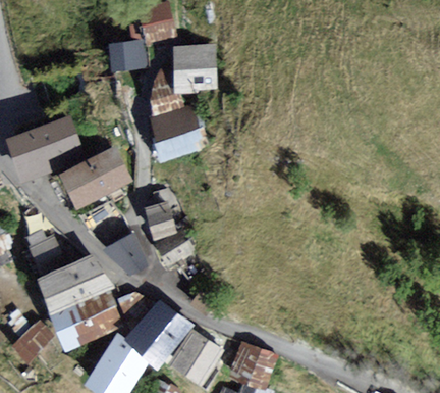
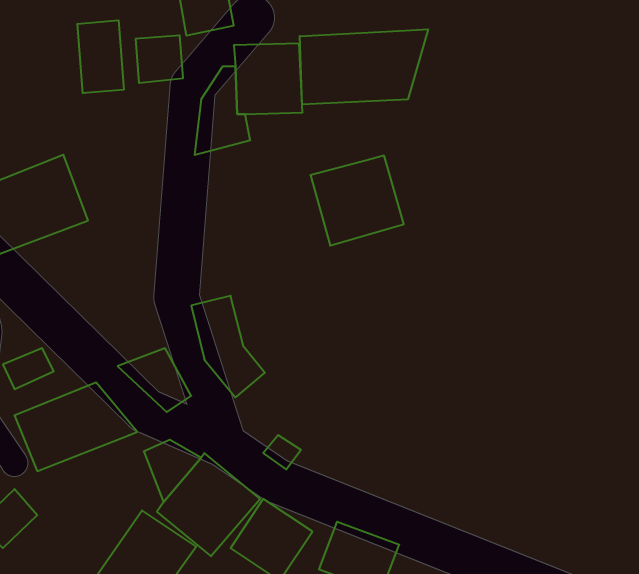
building: none -> [78,20,124,93]
building: none -> [300,29,428,104]
building: [149,103,207,159] -> [310,156,404,246]
building: [63,149,123,203] -> none
building: [51,290,122,349] -> none

